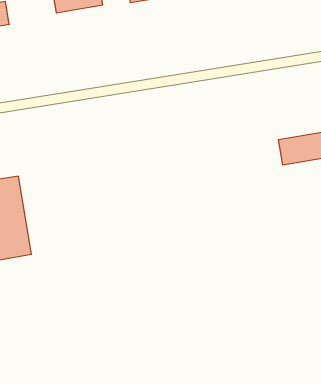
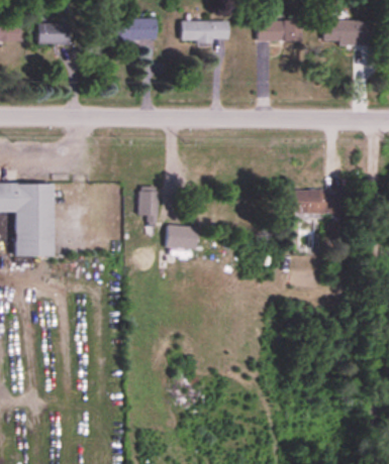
building: none -> [139,189,158,224]
building: none -> [166,225,199,250]

